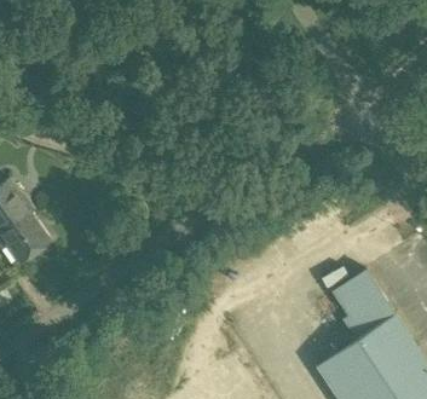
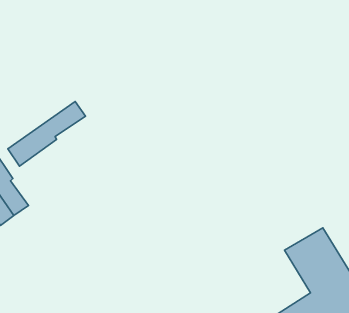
building: none -> [8,102,86,166]

